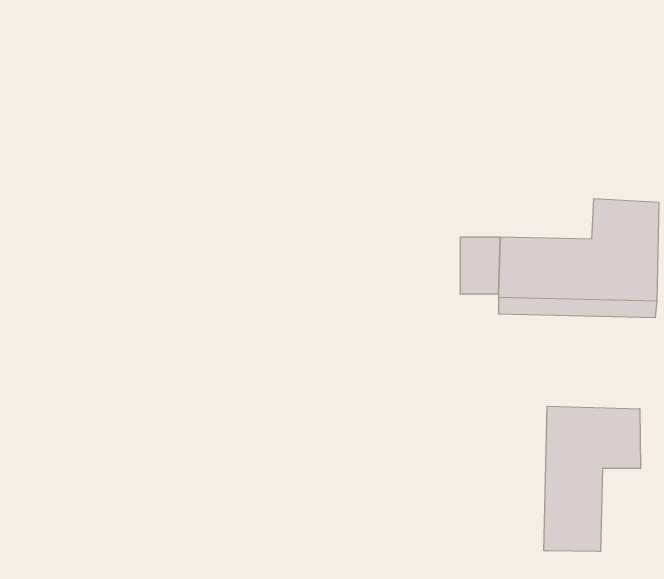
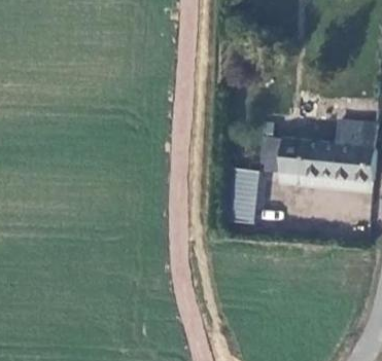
building: none -> [229,166,257,222]
building: [544,406,640,552] -> none

